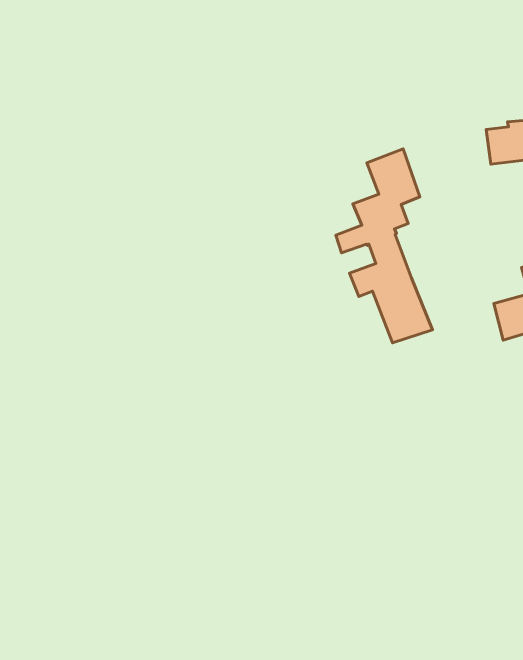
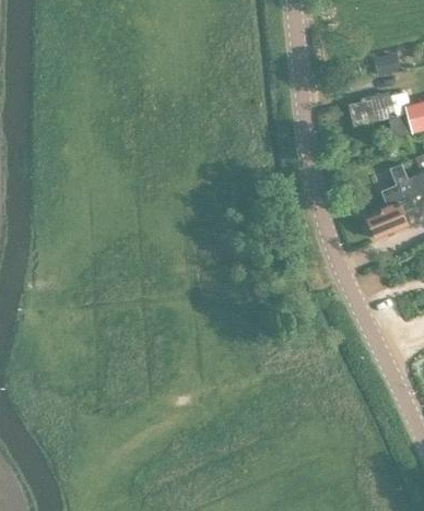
building: [336,149,432,343] -> none

